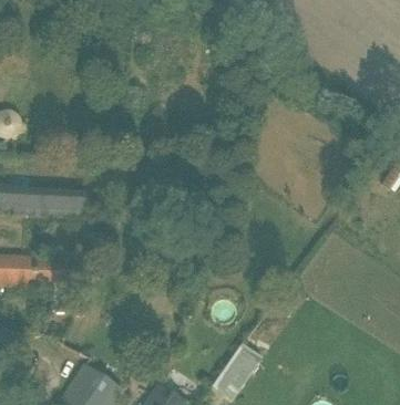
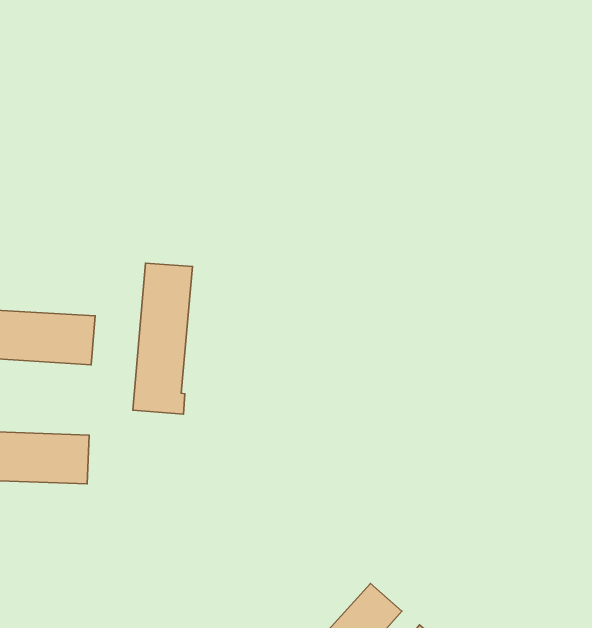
building: none -> [133,263,192,414]

